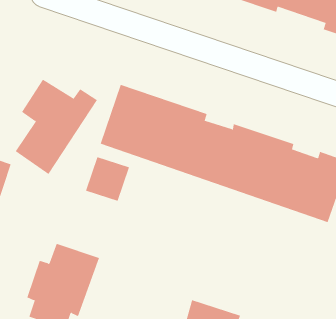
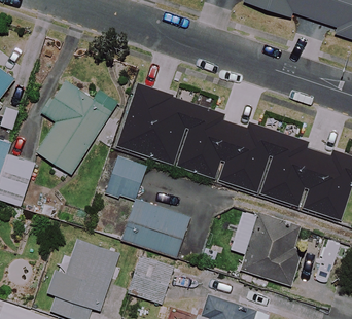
building: none -> [124,202,192,259]
building: none -> [243,216,302,284]
building: none -> [128,256,173,304]

